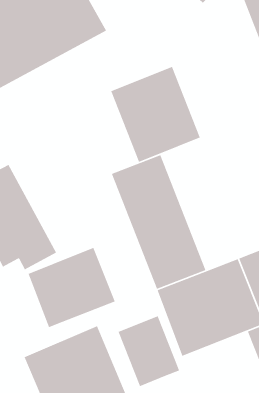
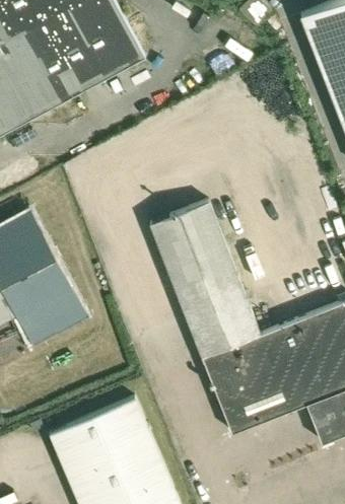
building: [110,66,201,163] -> none
building: [27,247,116,328] -> none
building: [118,315,180,387] -> none

